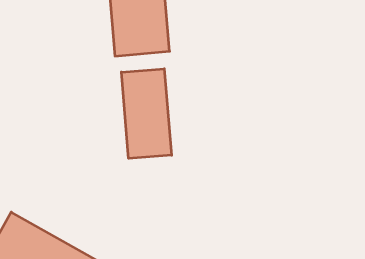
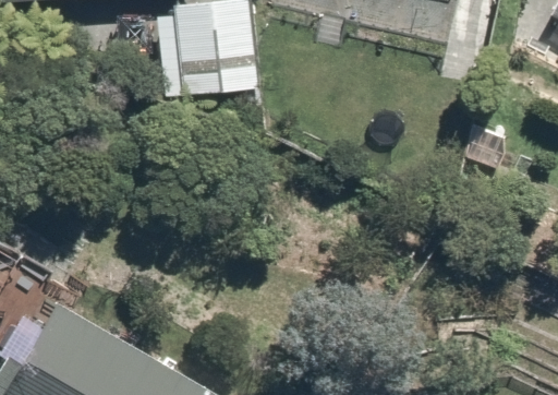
building: [121,69,172,158] -> none

